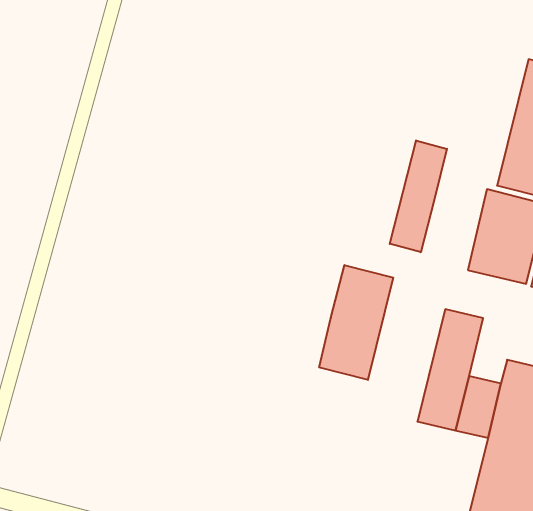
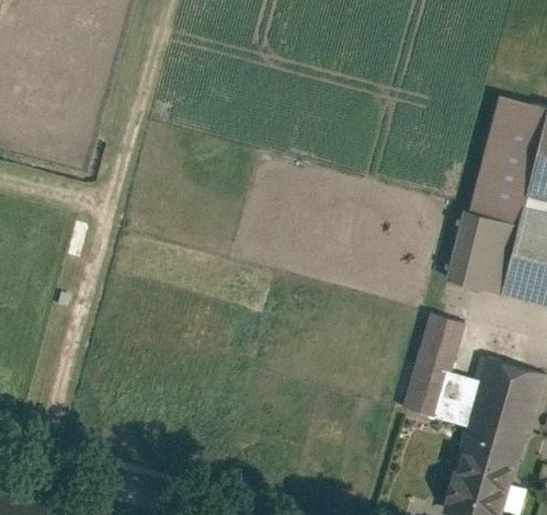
building: [390,140,447,252] -> none
building: [319,265,393,380] -> none

